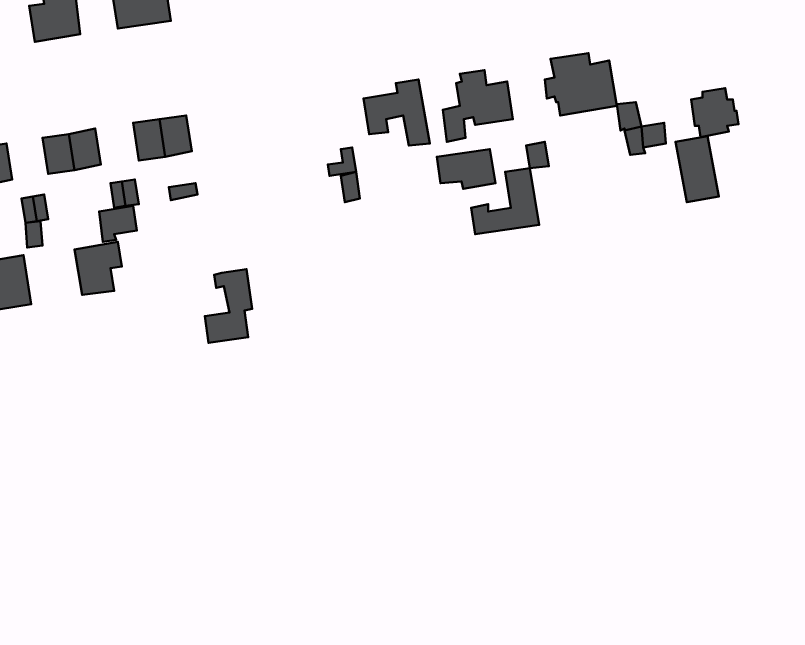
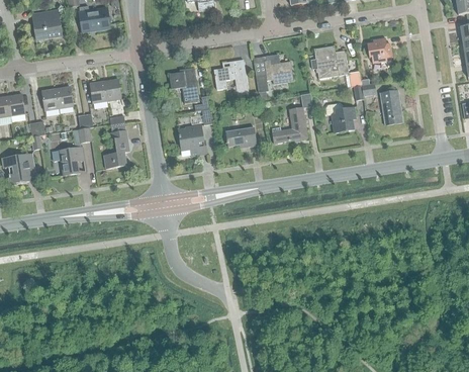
building: [691,88,738,137] -> [367,36,392,63]
building: none -> [169,66,199,102]
building: [437,149,495,189] -> [225,126,257,148]
building: none -> [325,102,356,132]
building: none -> [178,124,206,155]
building: [205,269,252,343] -> [103,128,128,168]

